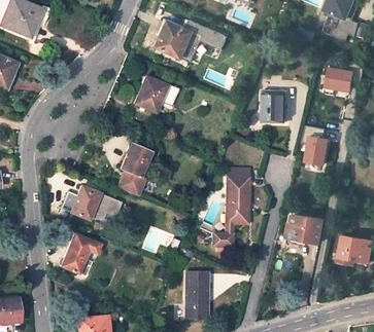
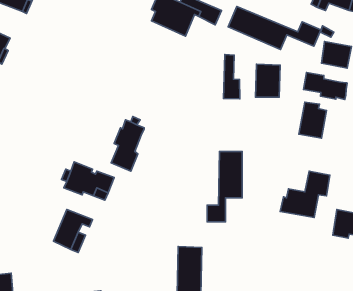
building: none -> [228,7,321,49]
building: [134,77,179,112] -> none
building: none -> [223,54,240,99]
building: none -> [304,72,347,99]

